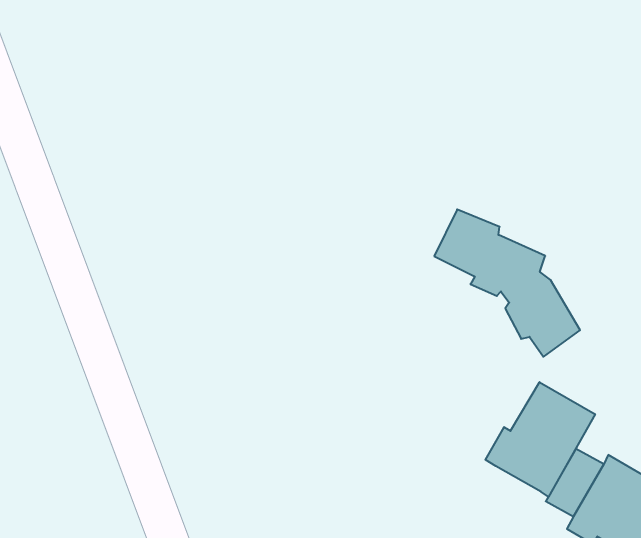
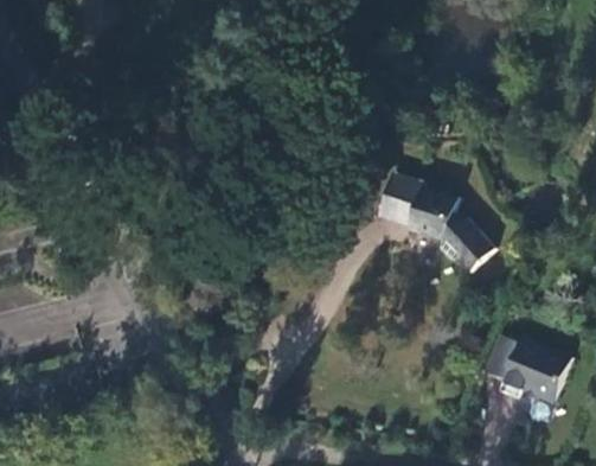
building: [485,382,595,497] -> none

